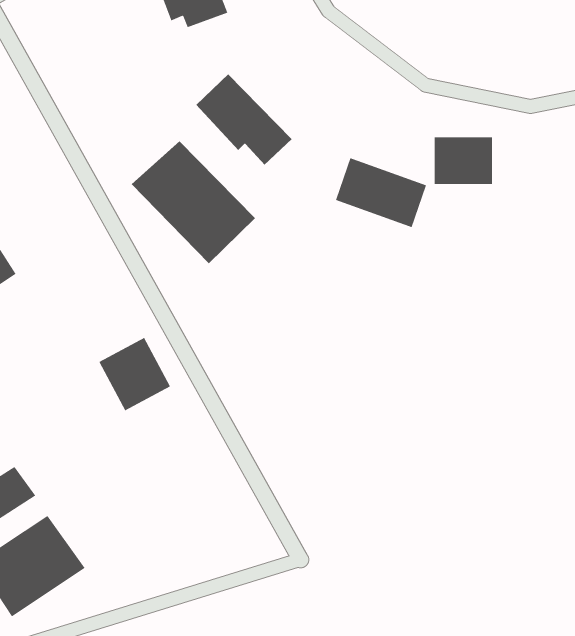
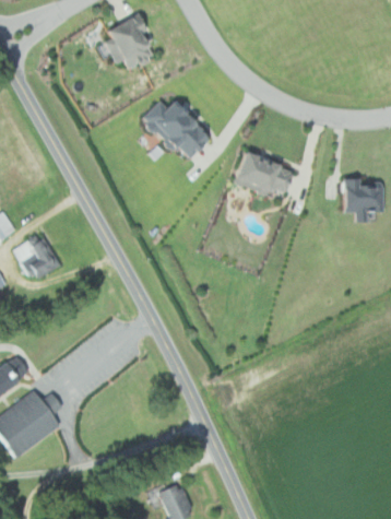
building: [434,137,493,184] -> [340,179,379,211]
building: [131,141,256,264] -> none
building: [99,337,171,411] -> [15,232,63,281]

